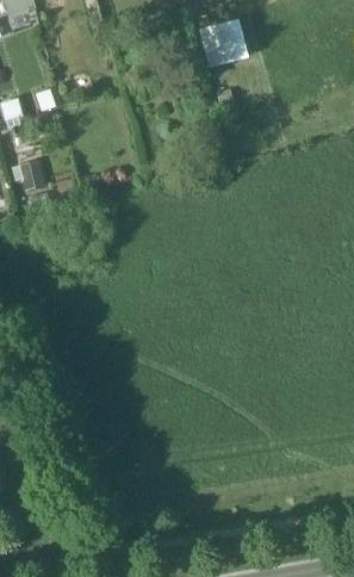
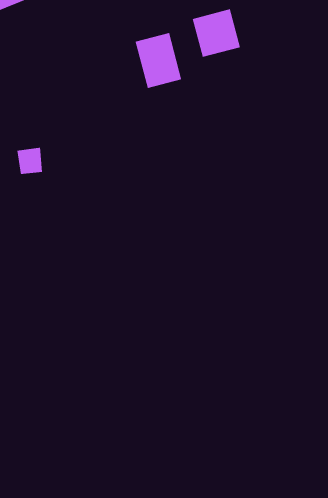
building: none -> [135,32,182,89]

